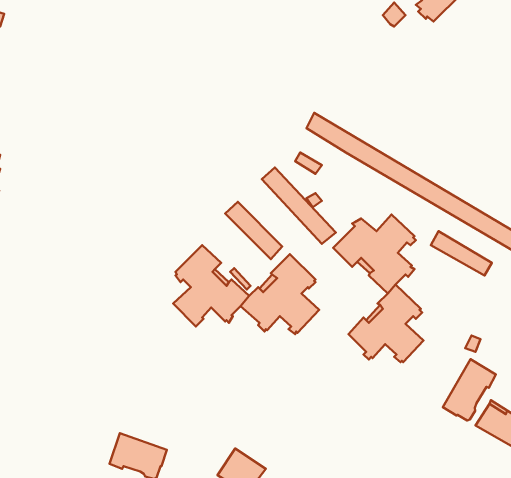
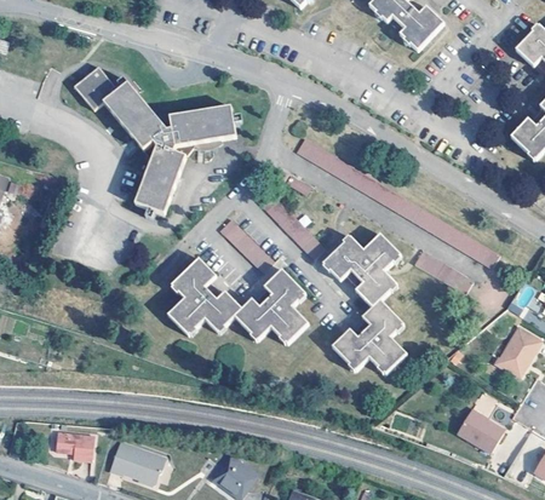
building: none -> [76,64,235,213]
building: [443,359,496,420] -> none
building: none -> [56,431,91,462]

